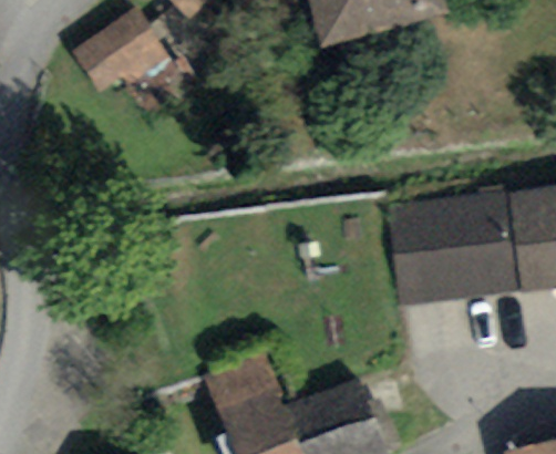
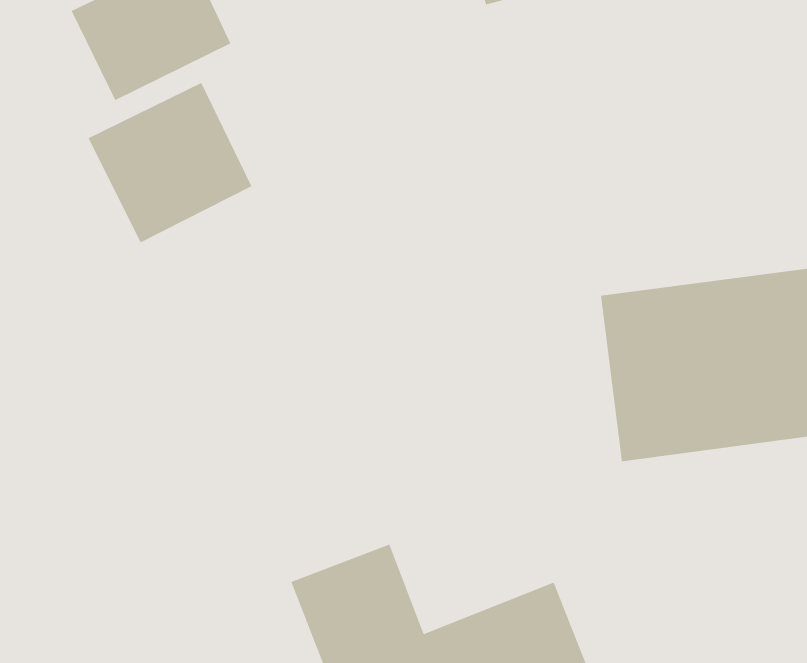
building: none -> [88,82,252,243]

